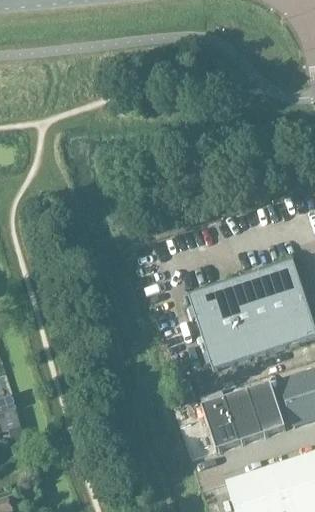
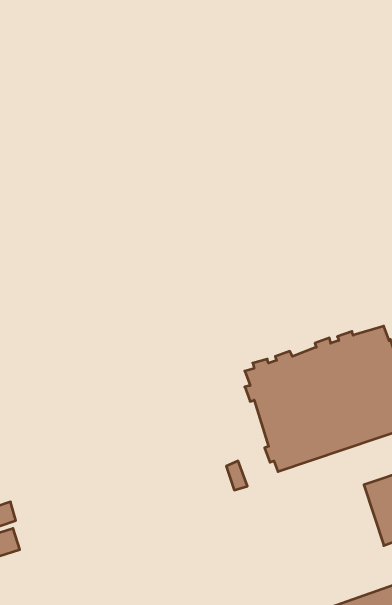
building: [202,382,286,450] -> none

